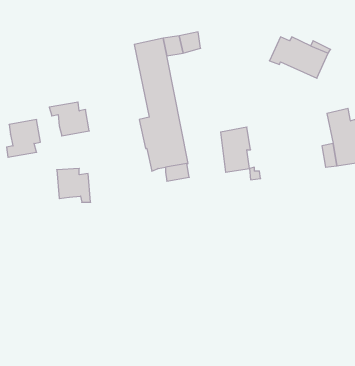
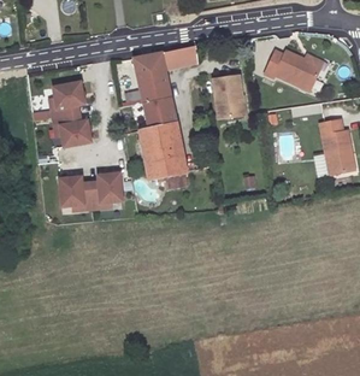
building: [7,120,40,157] -> [51,82,83,118]
building: [221,127,251,172] -> [213,75,242,118]
building: none -> [89,174,122,210]

